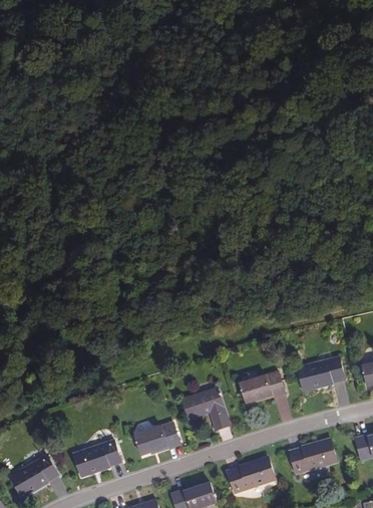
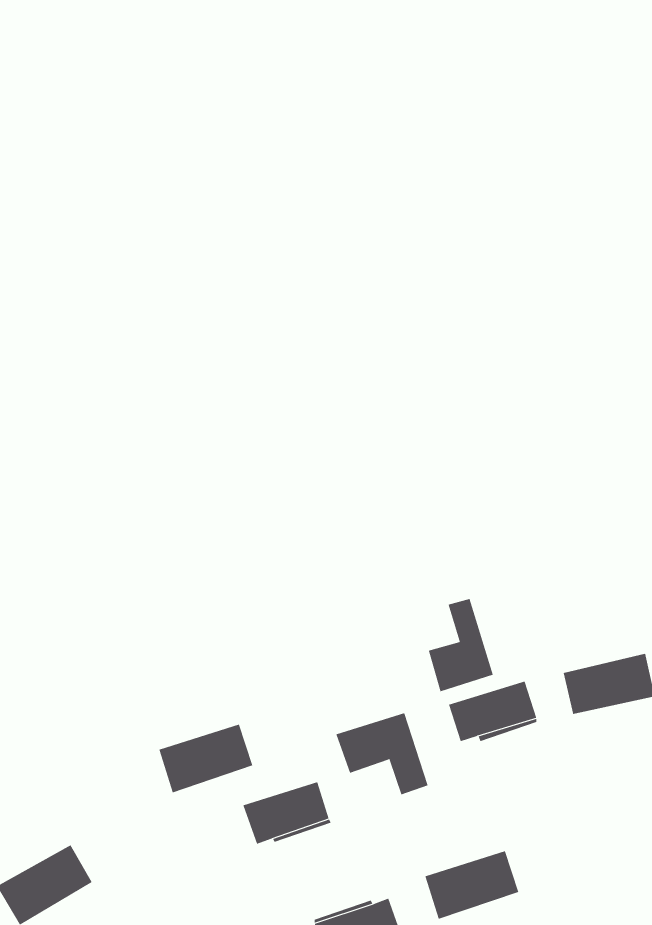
building: none -> [428,598,493,692]
building: [73,440,121,475] -> [158,724,253,793]
building: [289,440,336,473] -> none

